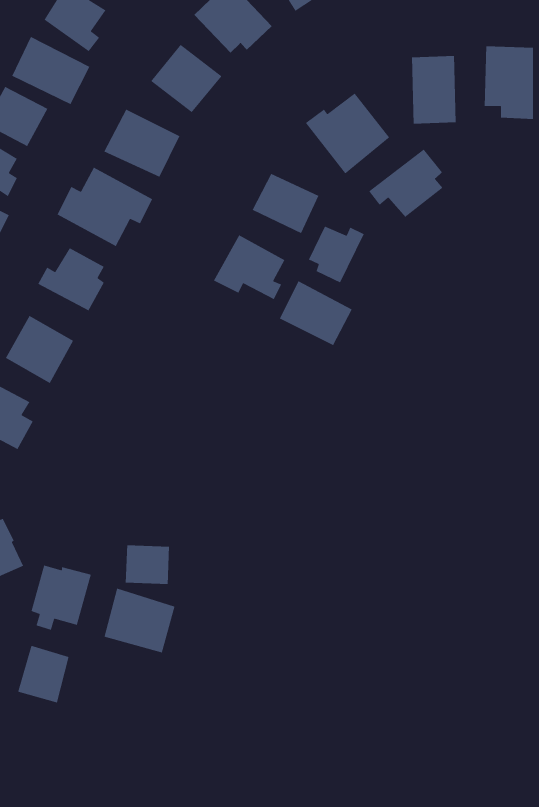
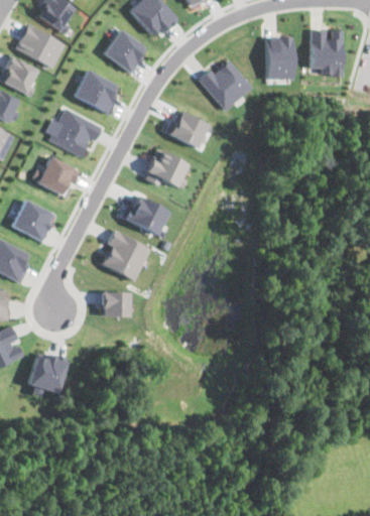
building: [368,148,443,218] -> none
building: [308,225,365,283] -> none
building: [279,280,353,346] -> [122,194,168,235]
building: none -> [102,230,150,281]
building: [125,545,170,585] -> [101,291,129,316]
building: [104,588,176,654] -> none
building: [17,645,69,703] -> none

